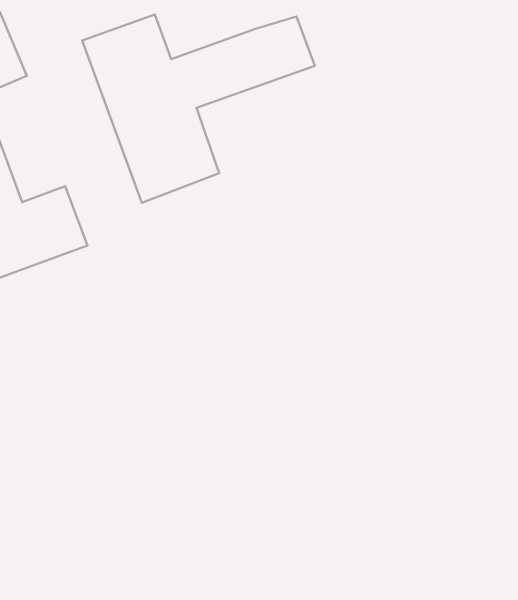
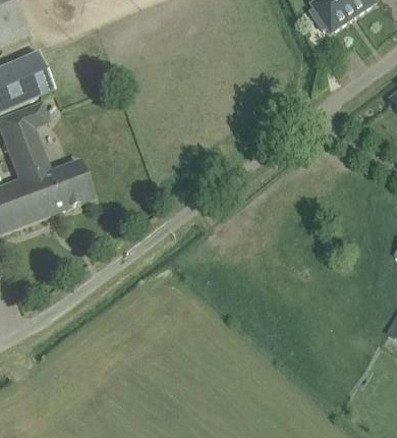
building: [82,14,315,203] -> none

